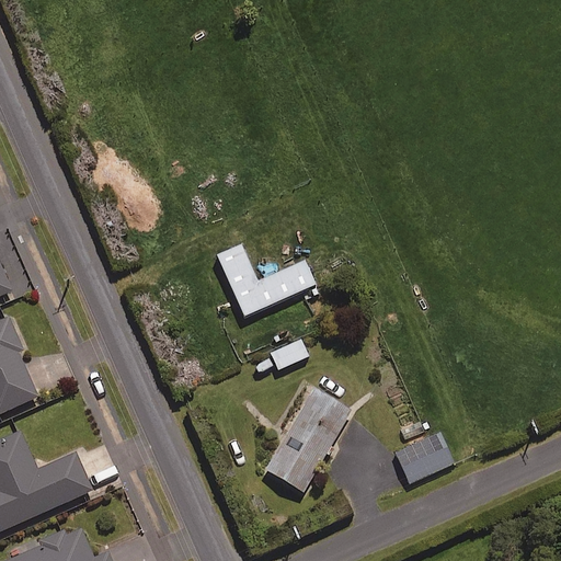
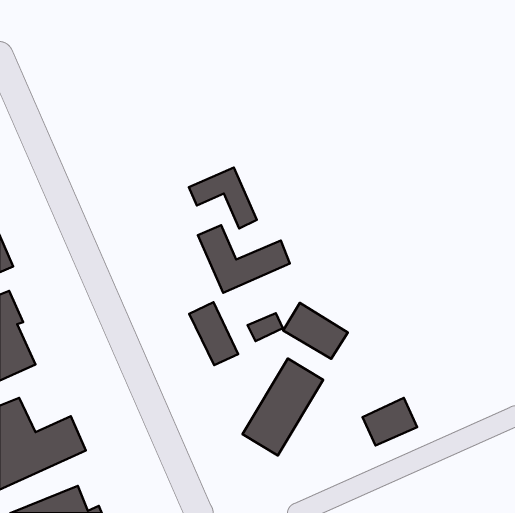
building: none -> [189,167,257,228]
building: none -> [189,302,238,365]
building: none -> [283,303,348,359]

